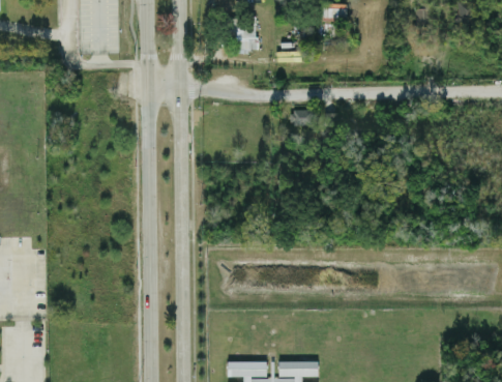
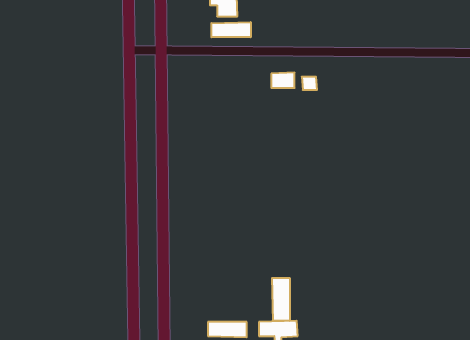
building: none -> [211,22,251,37]
building: none -> [272,278,290,321]

